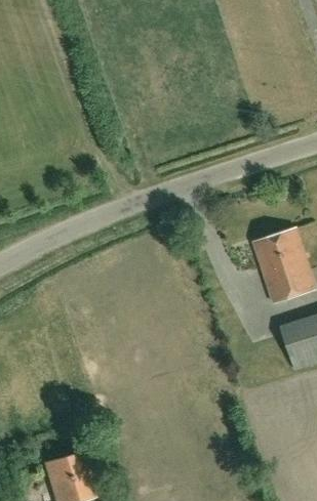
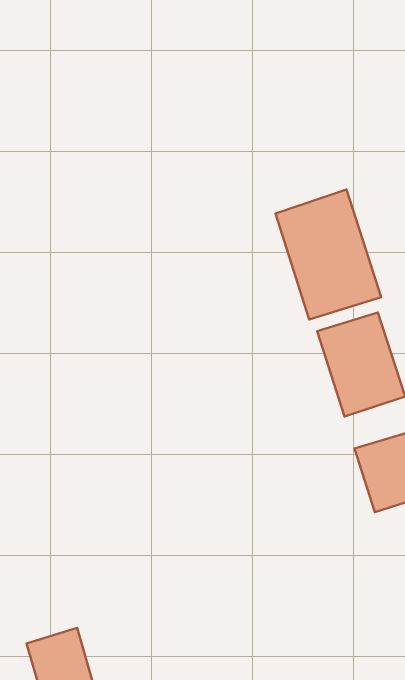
building: none -> [276,190,381,319]

